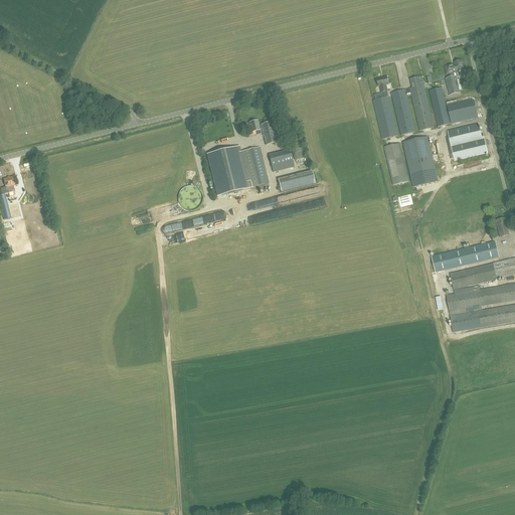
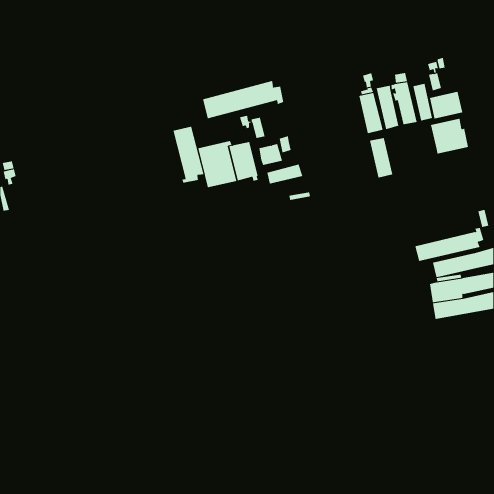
building: none -> [202,80,284,119]
building: none -> [173,126,204,183]
building: [401,136,438,187] -> none

